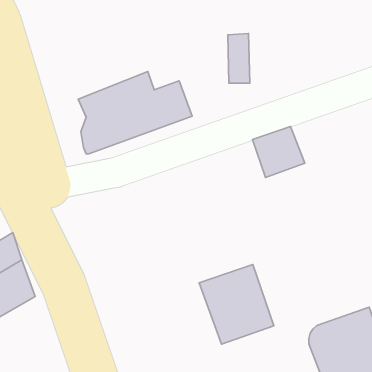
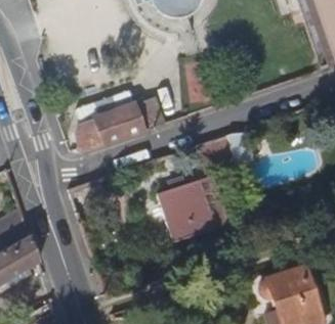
building: [199,264,274,344] -> [157,180,215,242]

